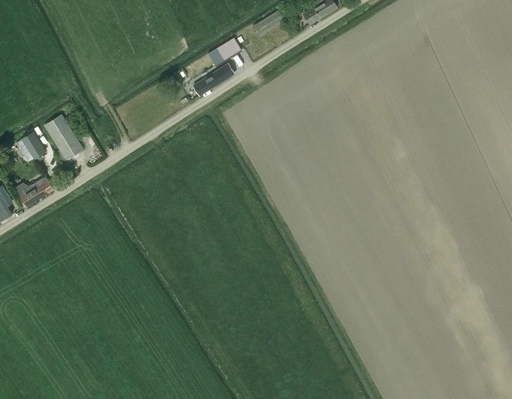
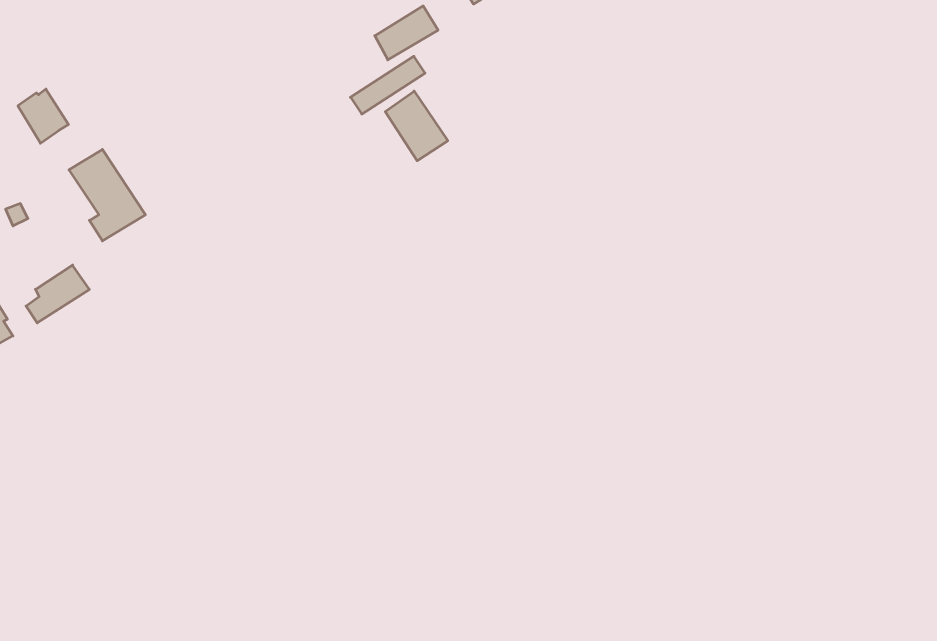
building: none -> [385,91,448,161]
building: [22,129,49,158] -> [18,89,68,143]

